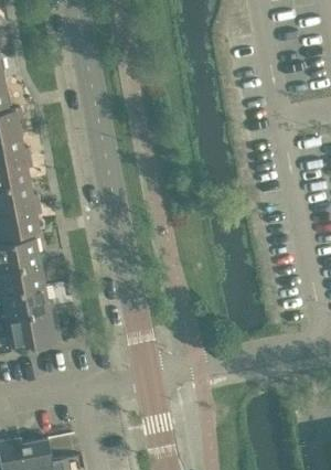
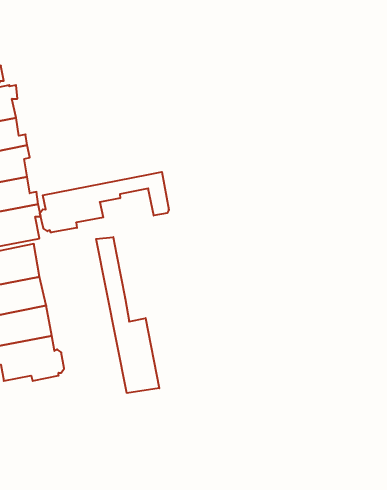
building: none -> [40,172,169,233]
building: none -> [96,237,159,393]

